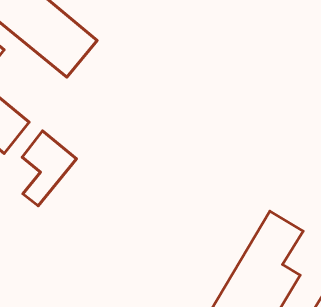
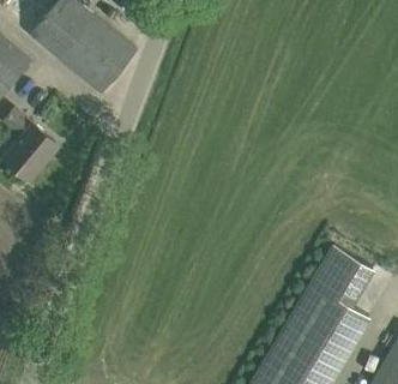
building: [22,131,76,206] -> none

